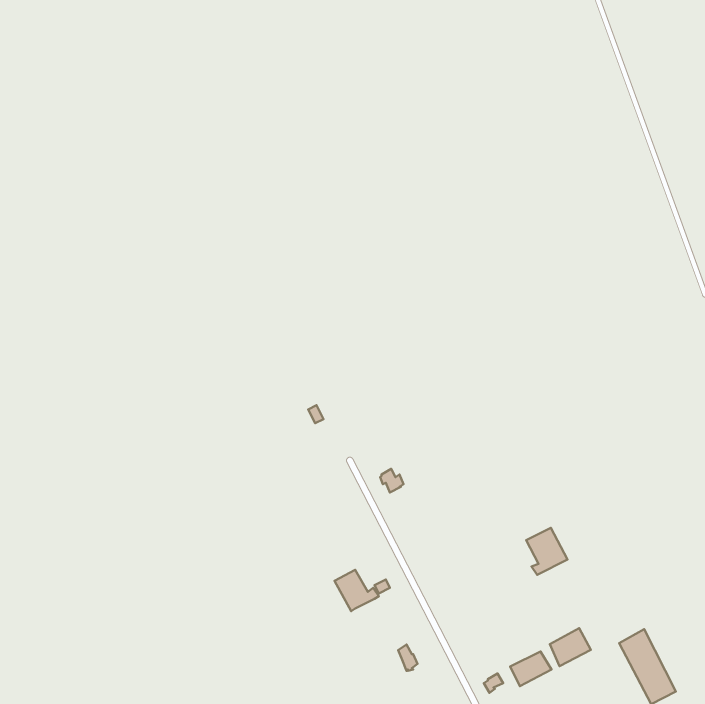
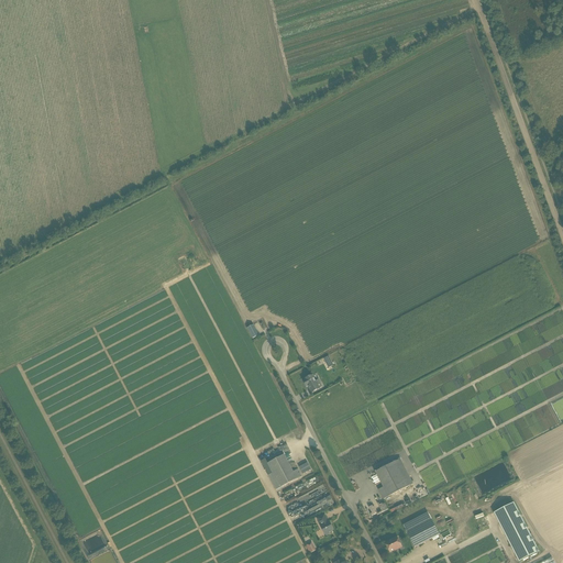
building: [526,528,568,575] -> [374,460,407,497]
building: [550,628,591,666] -> none

